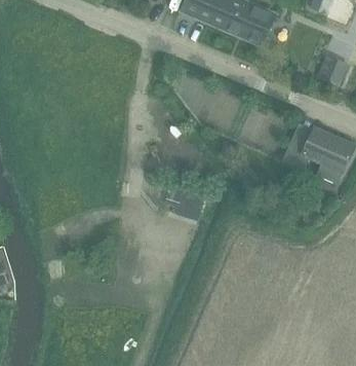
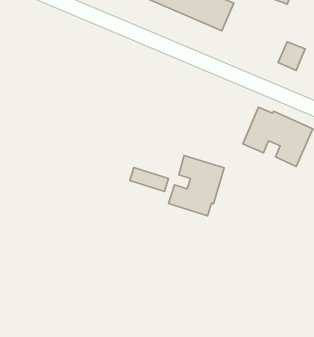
building: none -> [169,156,224,216]

